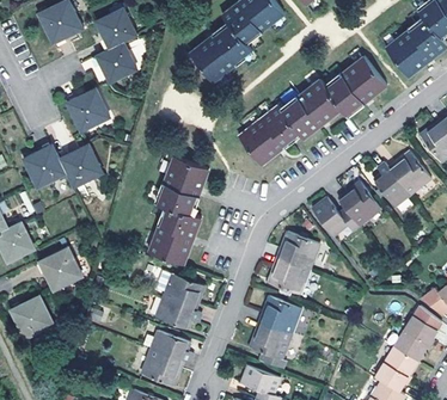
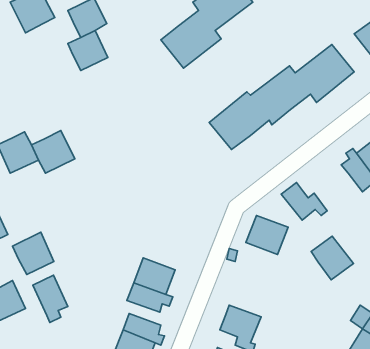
building: [67,90,110,131] -> none
building: [149,156,208,264] -> none
building: [338,181,381,226] -> [311,236,354,280]
building: [268,258,308,294] -> none
building: none -> [33,275,68,322]
building: [259,295,301,333] -> none

